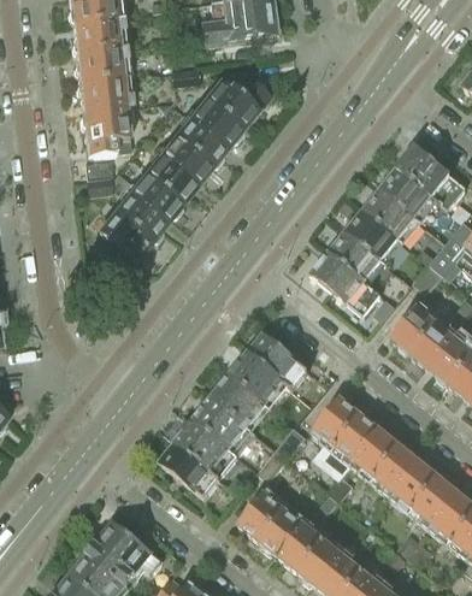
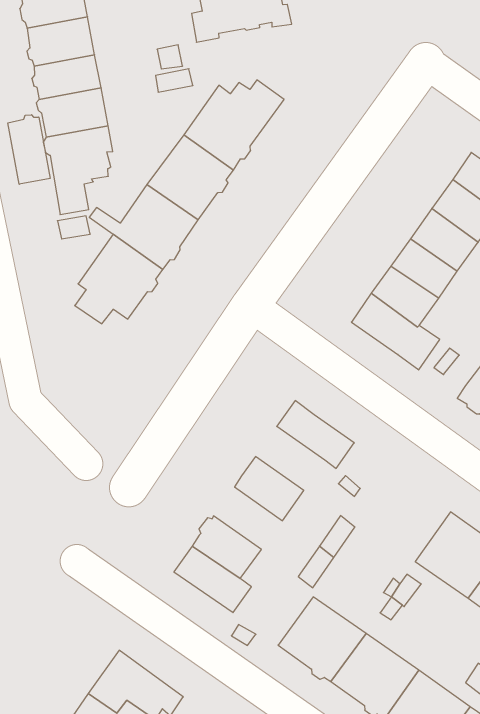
building: none -> [8,115,50,184]
building: [230,352,284,403] -> none
building: [312,396,380,465] -> none
building: [194,397,248,448] -> none

